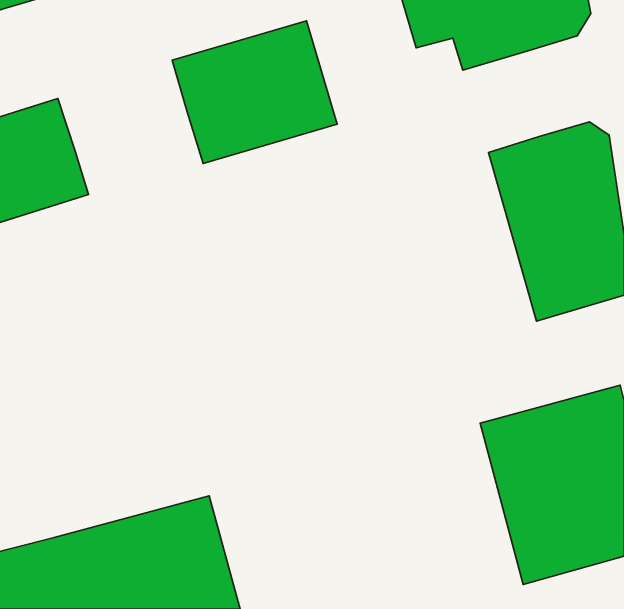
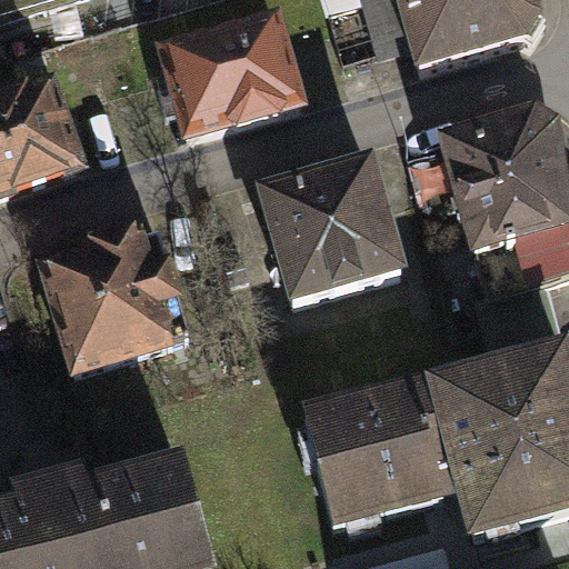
building: none -> [263,164,411,309]
building: none -> [42,232,182,373]
building: none -> [297,388,443,531]

